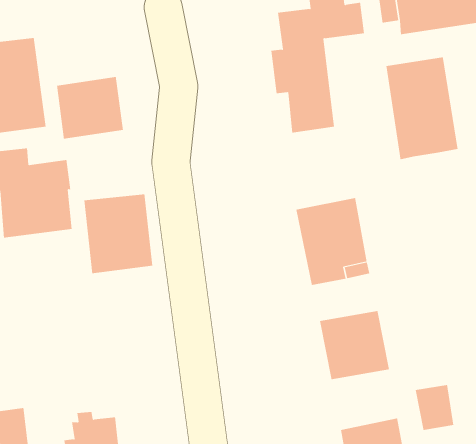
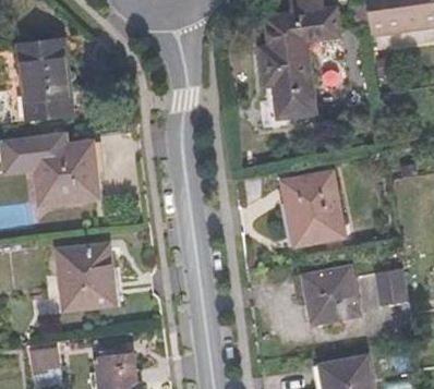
building: [386,57,458,160] -> none
building: [57,76,123,139] -> none
building: [84,194,153,274] -> [57,244,114,311]
building: [415,384,454,430] -> [372,267,405,305]

